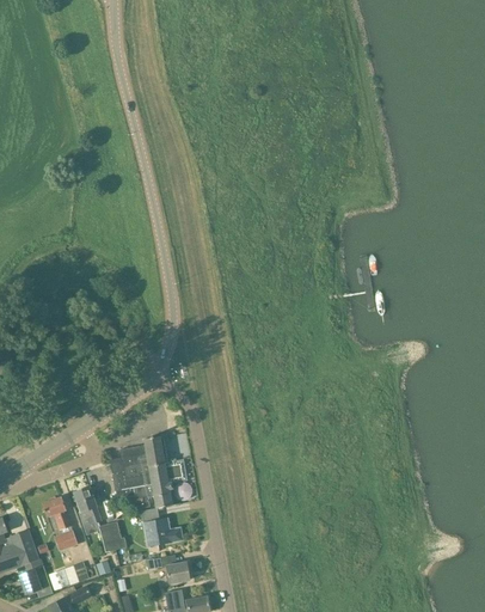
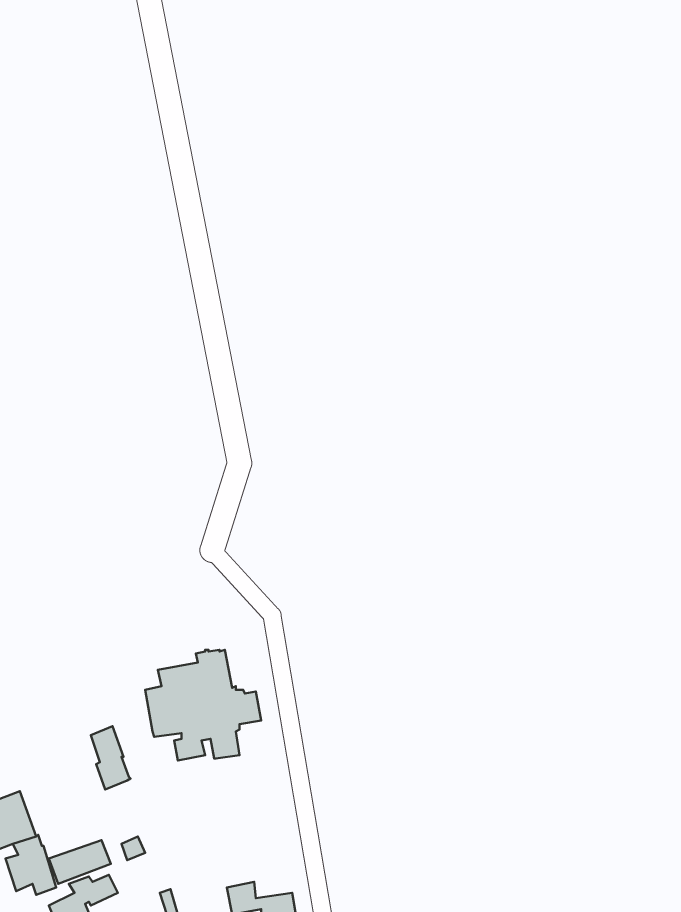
building: [42,496,78,550] -> none
building: [142,508,183,546] -> none
building: [99,521,128,552] -> none
building: [147,555,190,583] -> none

